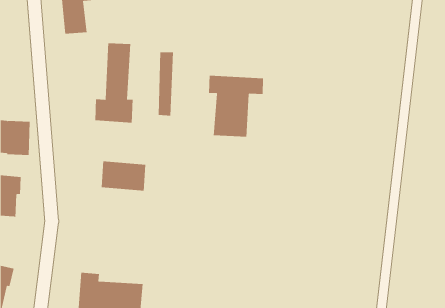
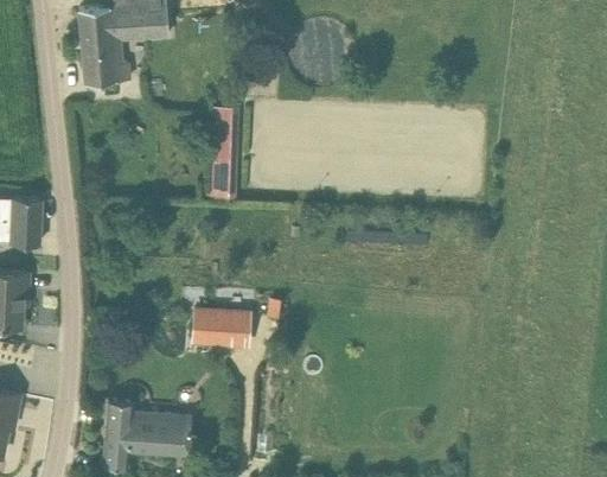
building: [95,42,133,123] -> none
building: [208,75,264,137] -> none
building: [101,161,146,191] -> [193,305,254,345]

